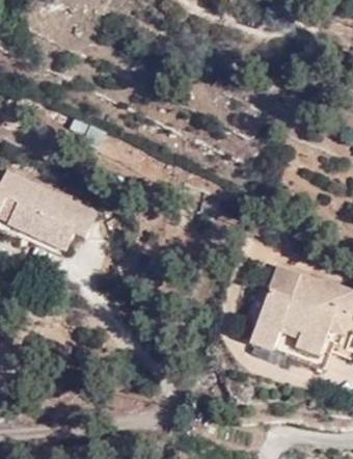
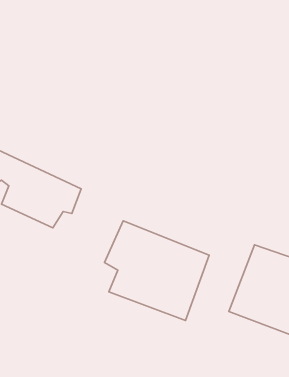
building: none -> [104,221,209,321]

